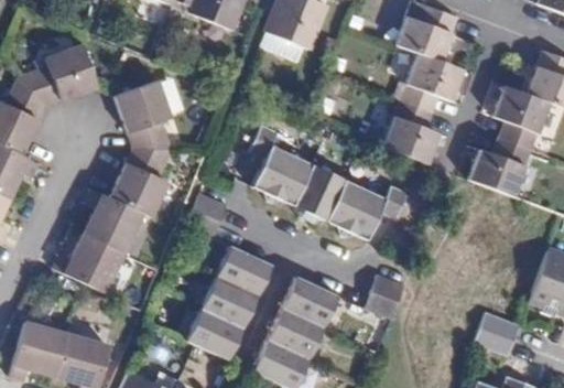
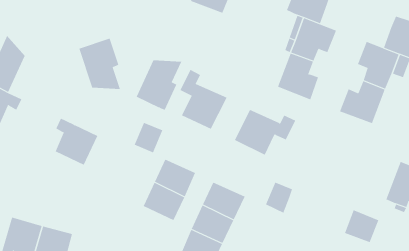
building: [18,43,96,105] -> none
building: [109,148,172,216] -> [136,60,182,111]
building: [294,161,346,218] -> none
building: [52,234,122,292] -> none
building: [187,308,243,359] -> none

